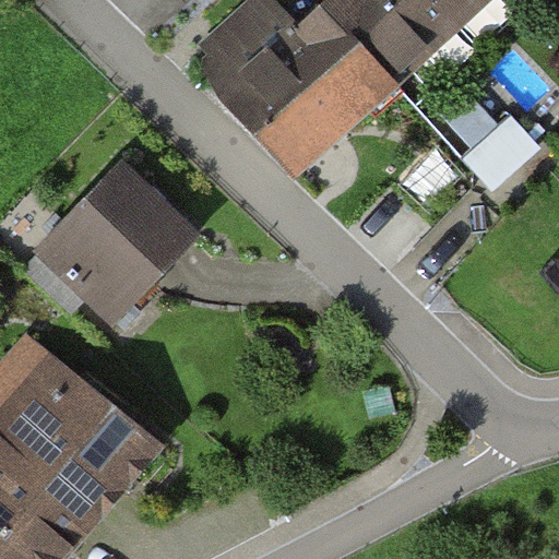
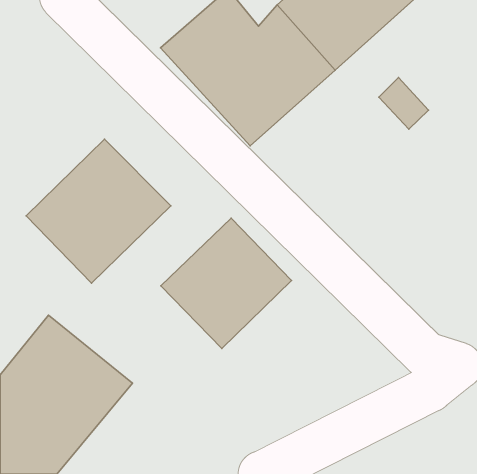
building: none -> [161,218,292,349]

